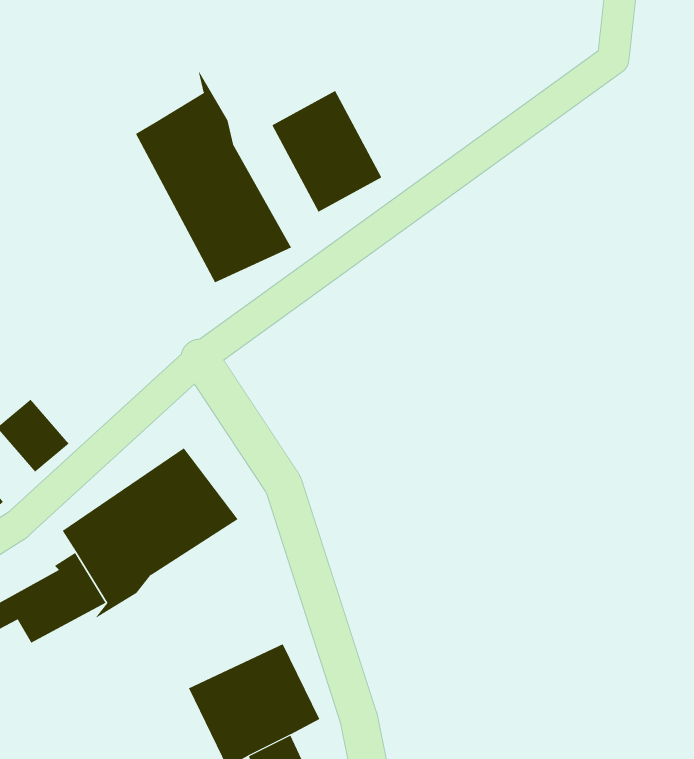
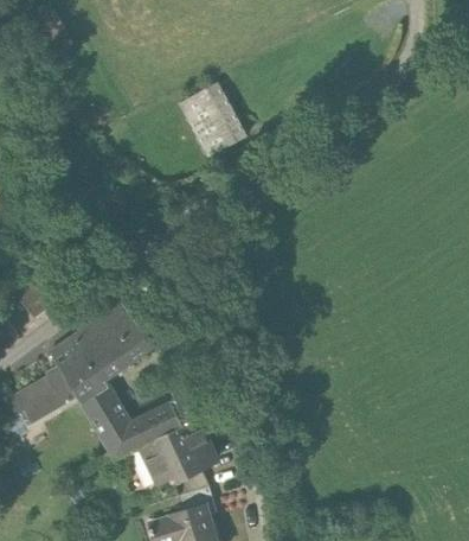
building: [135,68,292,283] -> none
building: none -> [77,364,193,457]

